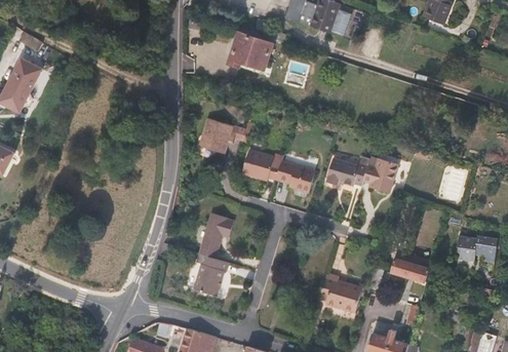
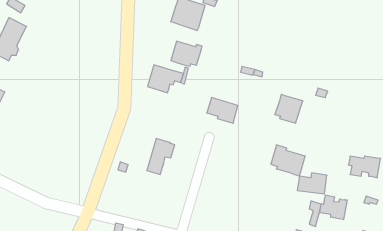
building: [242,148,282,180] -> [171,41,202,66]
building: [326,155,369,185] -> none
building: [193,252,229,295] -> none
building: [318,272,362,312] -> [271,145,305,176]
building: none -> [320,195,347,220]

